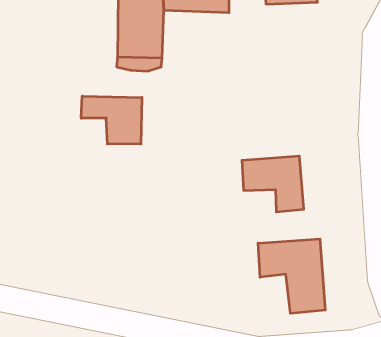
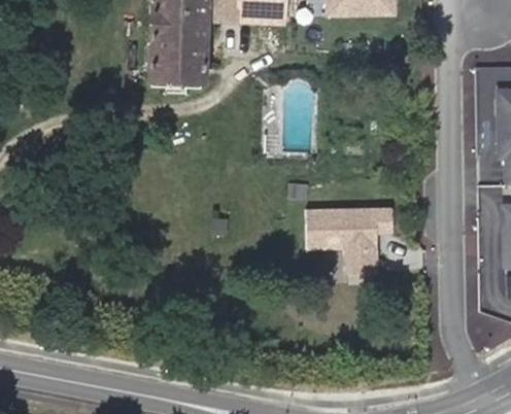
building: [81,96,142,144] -> none
building: [258,239,325,313] -> none

